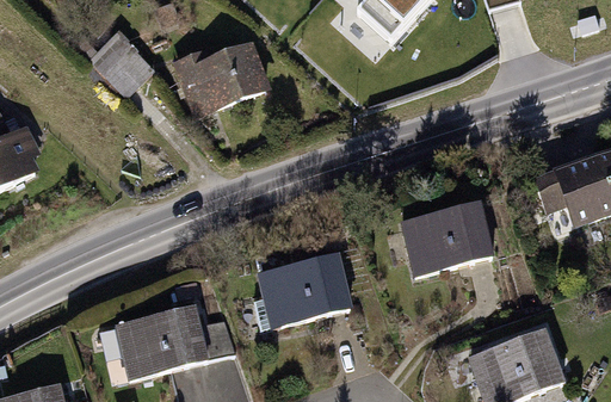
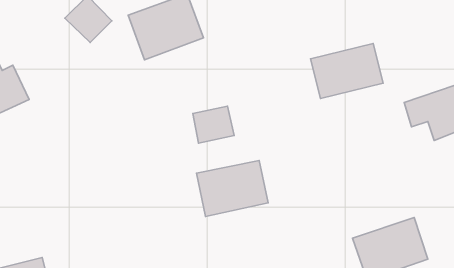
building: none -> [193,106,234,143]
building: [400,200,495,273] -> [311,43,383,99]
building: [116,302,210,381] -> none

